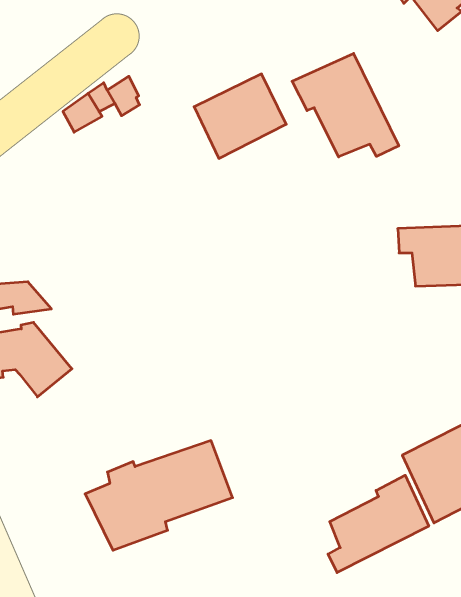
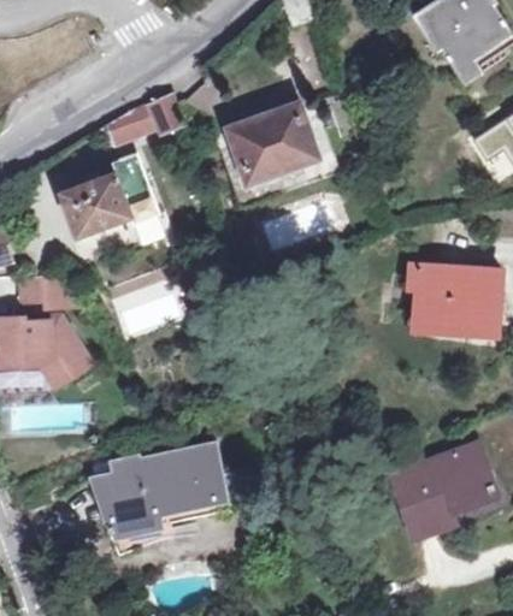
building: [292,53,399,157] -> none
building: none -> [61,154,159,237]
building: [328,475,429,573] -> none

